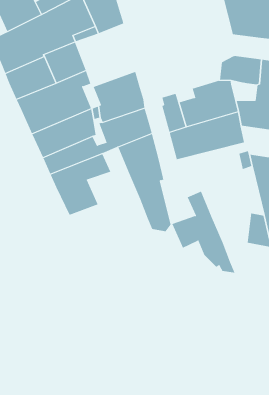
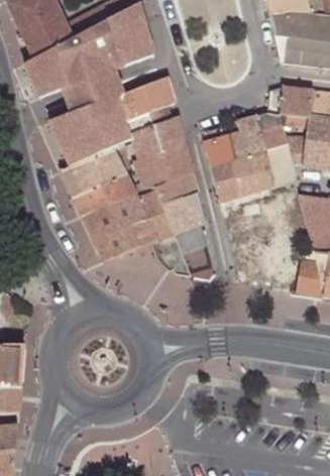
building: none -> [120,75,175,118]
building: [171,191,235,273] -> [121,185,192,275]

